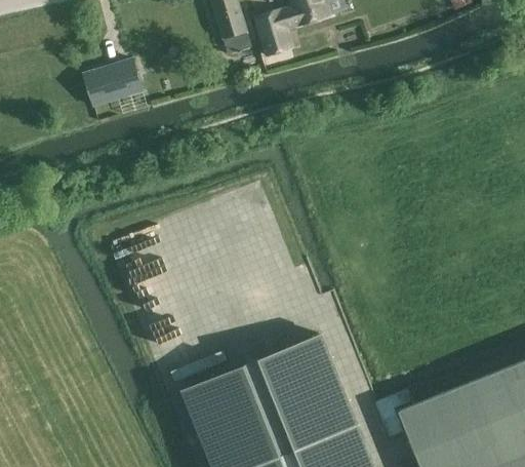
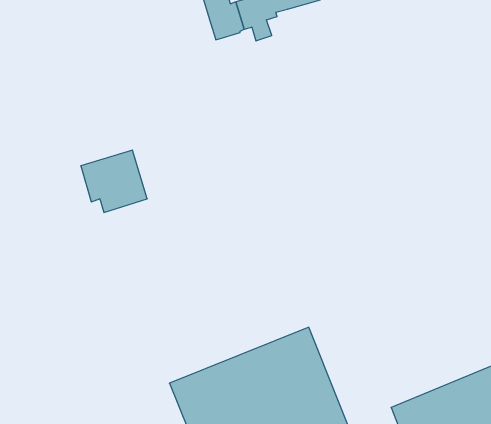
building: [83,59,148,119] -> [81,150,147,212]

